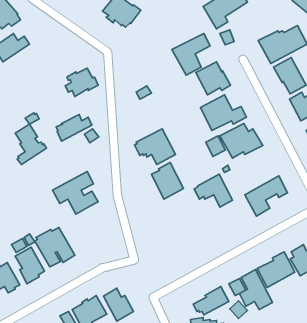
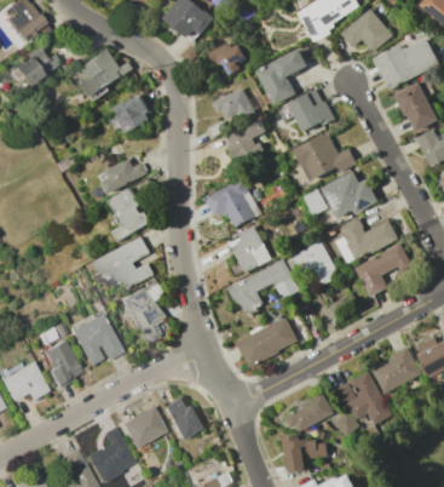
building: none -> [341,8,392,52]
building: none -> [206,44,246,76]
building: none -> [77,47,132,101]
building: none -> [212,87,250,119]
building: none -> [226,120,265,164]
building: [15,124,46,164] -> [109,188,151,242]
building: none -> [334,217,398,265]
building: none -> [227,259,299,320]
building: none -> [119,277,167,344]
building: none -> [236,316,299,368]

